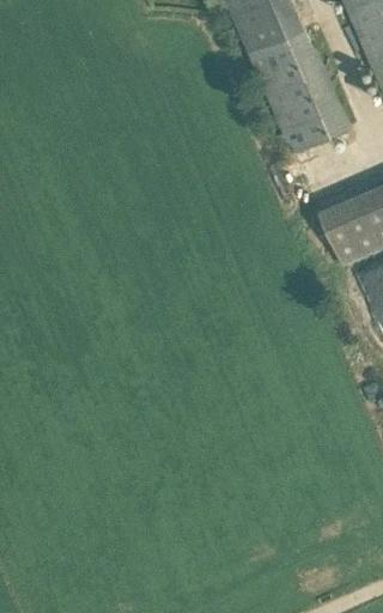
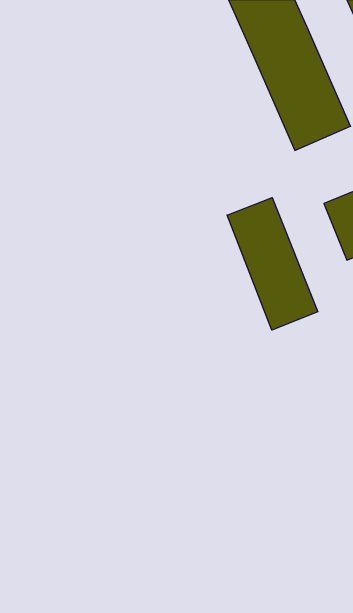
building: none -> [227,198,318,330]

